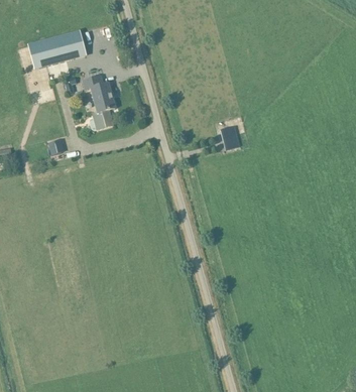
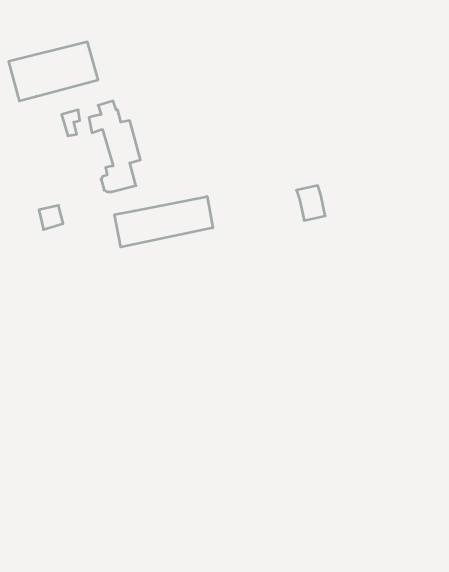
building: none -> [115,196,213,247]

